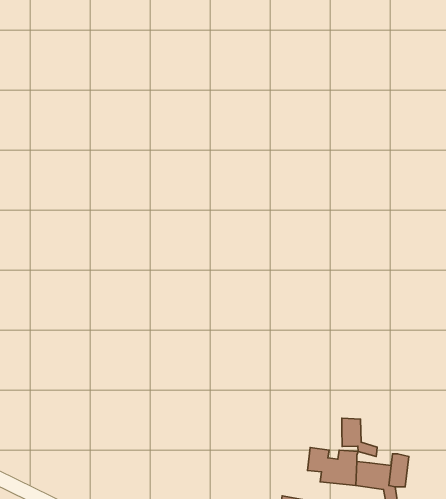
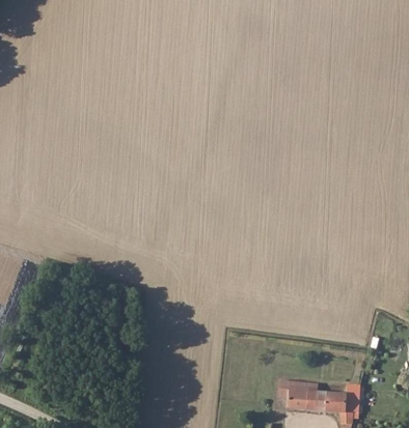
building: [342,418,377,456] -> none

